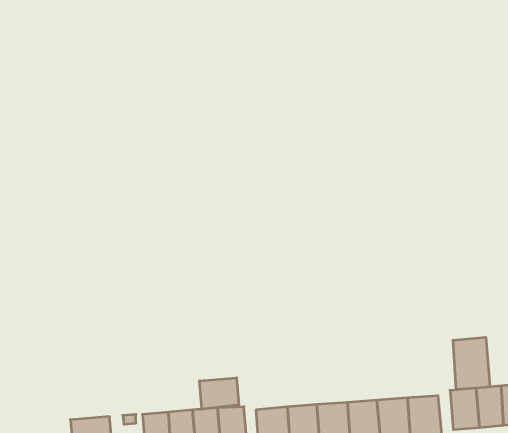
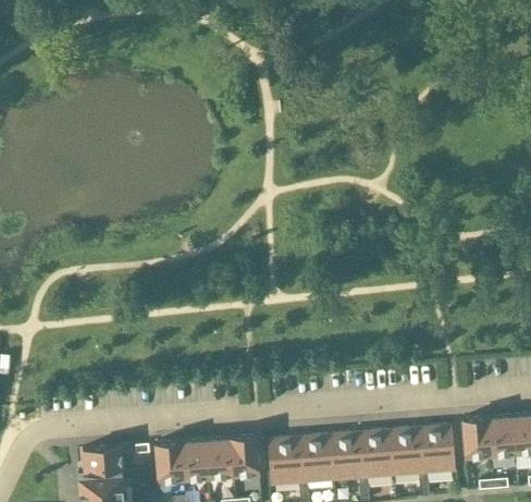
building: [453,337,490,390] -> none
building: [199,378,239,409] -> none

